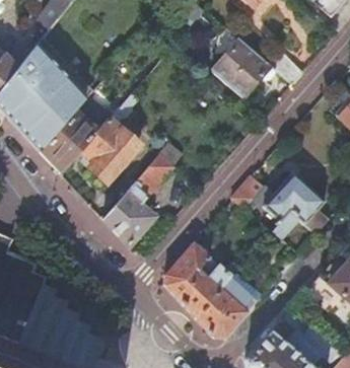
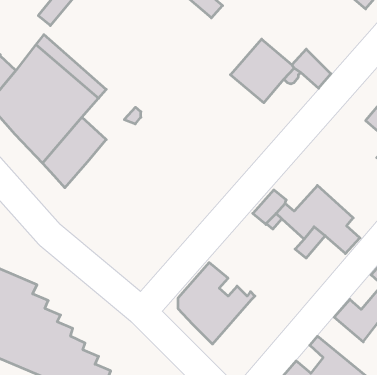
building: [81,120,135,180] -> none
building: [103,154,172,246] -> none
building: [195,276,252,339] -> none

